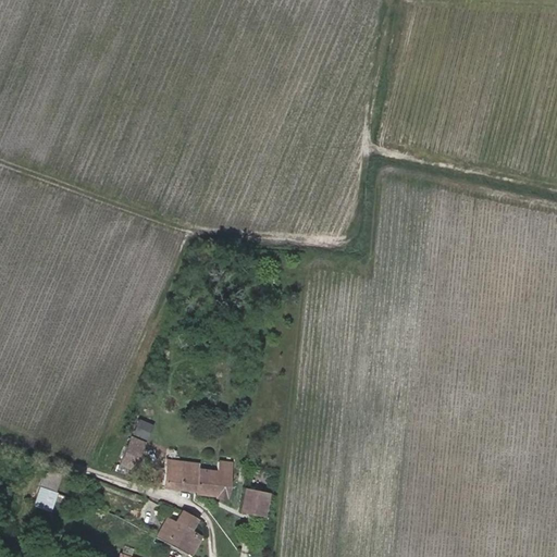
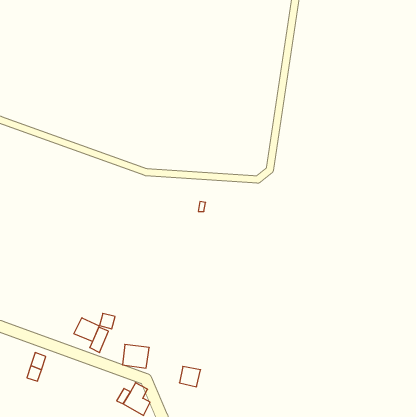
building: none -> [74,318,99,342]
building: [196,461,233,498] -> none

